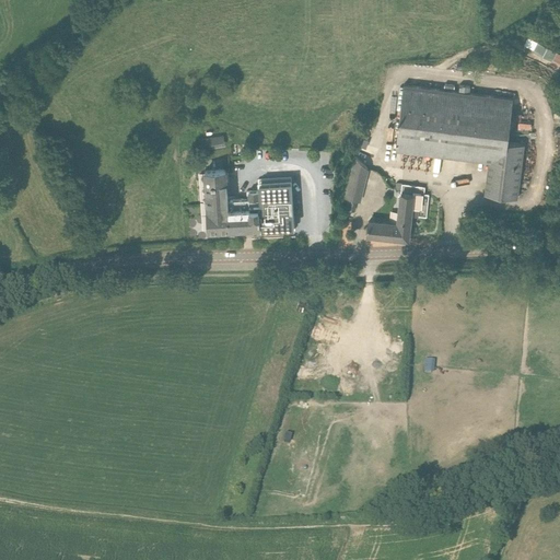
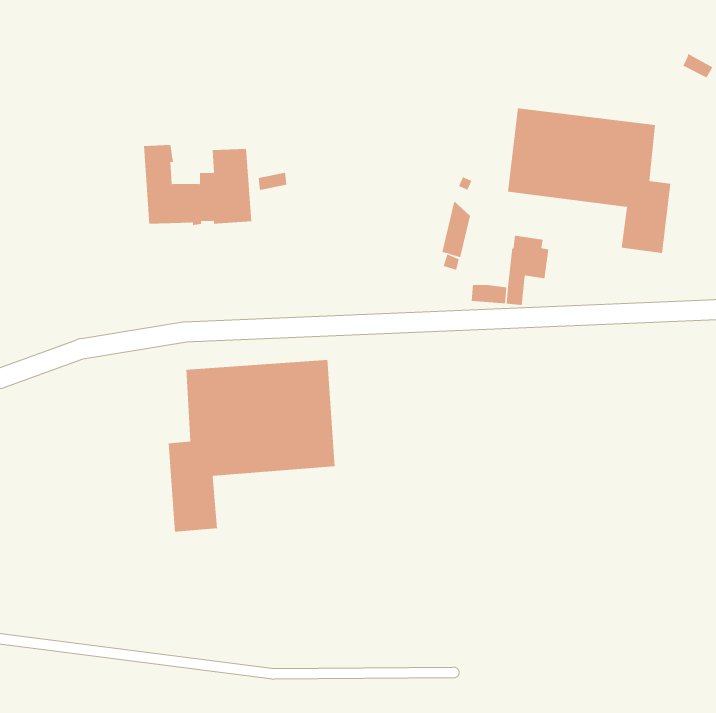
building: [205,171,290,234] -> [143,144,252,226]
building: none -> [168,359,335,532]

